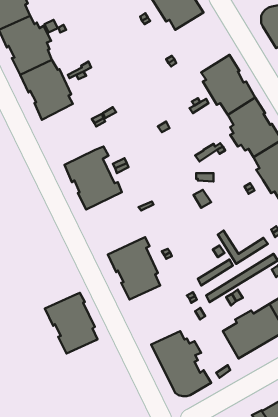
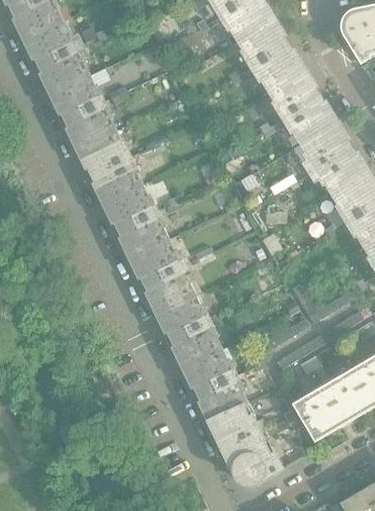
building: none -> [238,18,303,91]
building: none -> [76,130,140,203]
building: none -> [129,237,199,313]
building: [45,293,97,353] -> [182,348,246,422]

